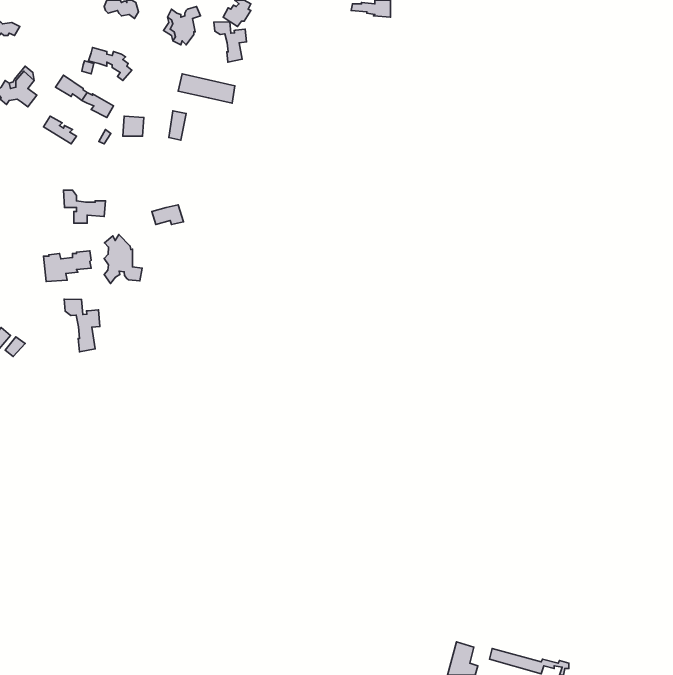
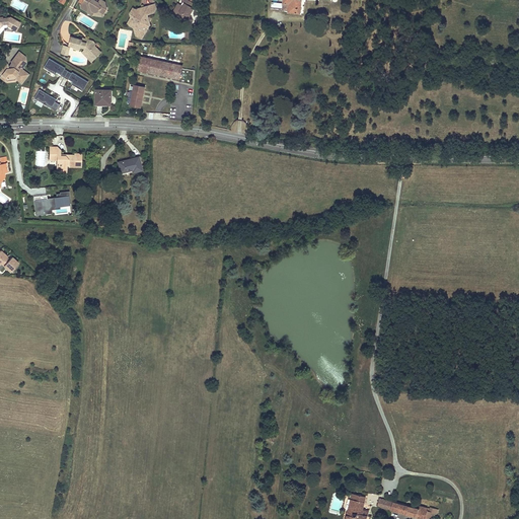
building: [214,22,247,62] -> none
building: [104,235,142,284] -> none
building: [64,299,100,352] -> none

